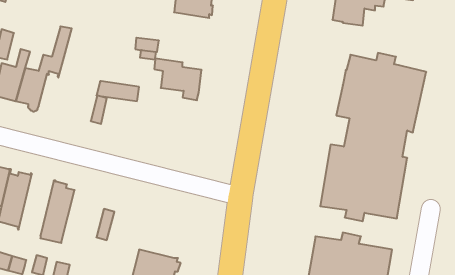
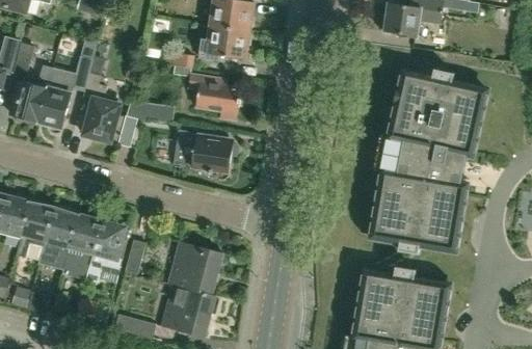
building: none -> [197,24,250,59]
building: none -> [83,73,123,140]
building: none -> [172,129,238,179]
building: none -> [39,202,78,269]
building: none -> [86,218,127,281]
building: none -> [170,242,220,294]

